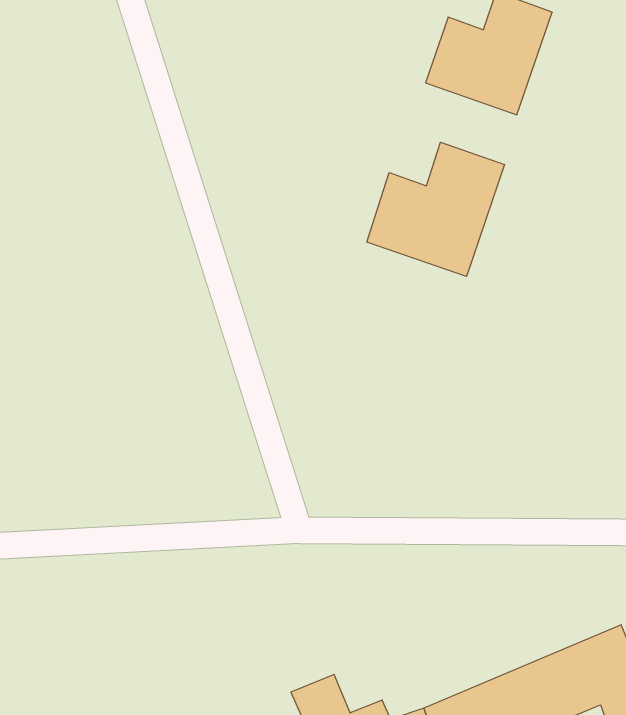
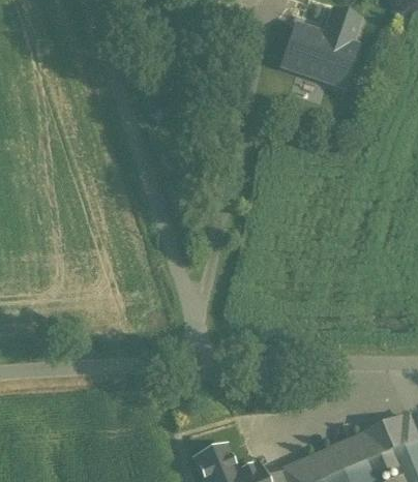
building: [367,142,504,276] -> none

